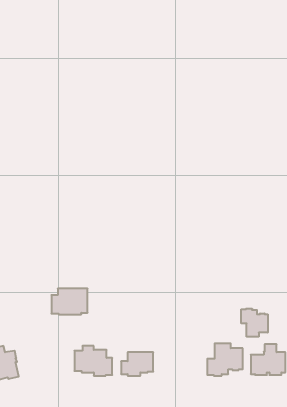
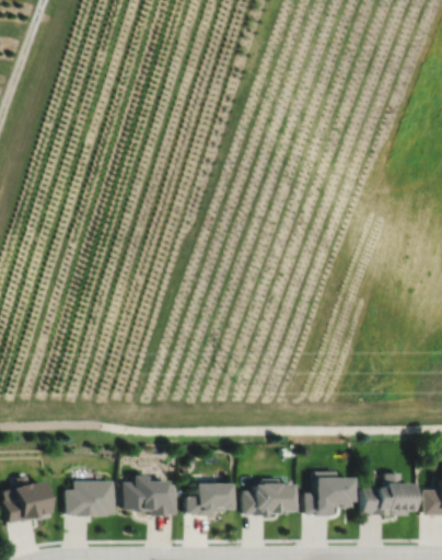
building: [51,289,88,314] -> [68,480,117,515]
building: [241,309,268,337] -> none
building: none -> [246,478,296,515]

